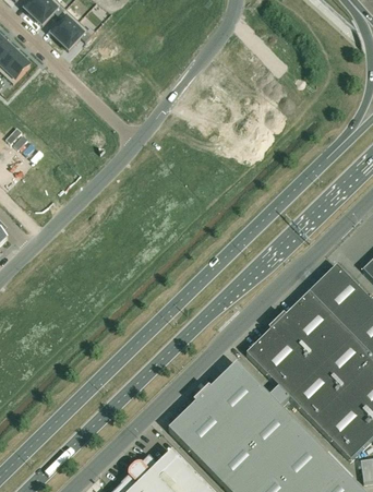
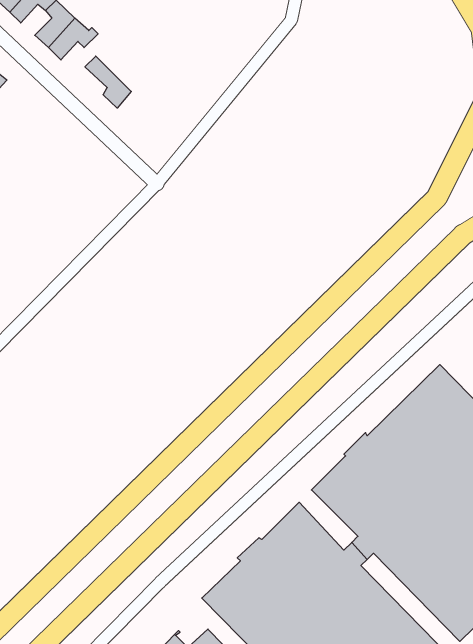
building: none -> [85,56,131,108]

